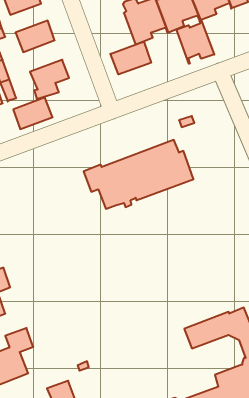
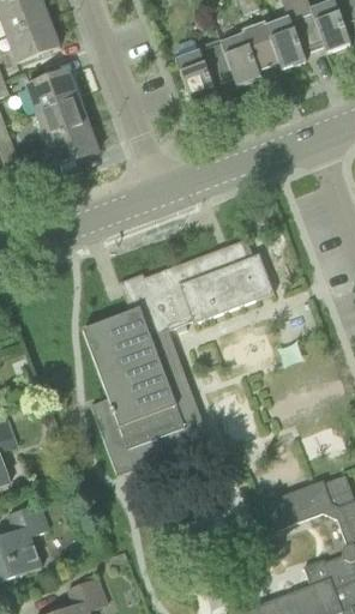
building: [176,20,214,64] -> none
building: [110,41,151,74] -> none
building: [13,98,53,129] -> [34,97,89,142]
building: none -> [82,307,210,475]

